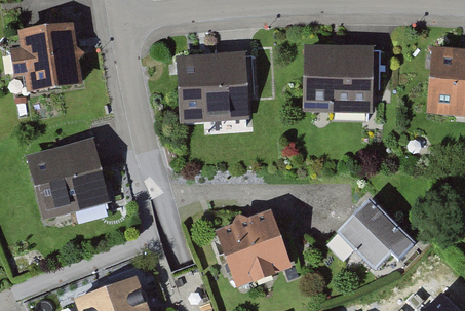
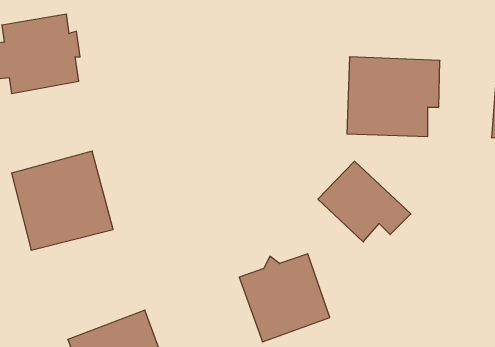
building: [177,57,257,127] -> none
building: [338,204,416,272] -> [318,161,411,242]

